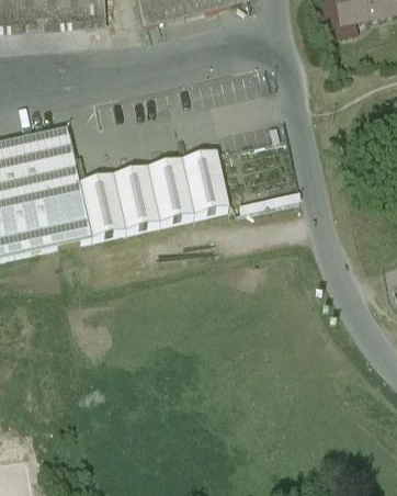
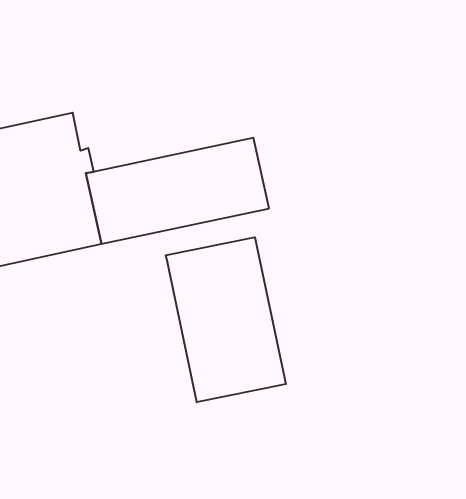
building: none -> [166,237,286,402]

